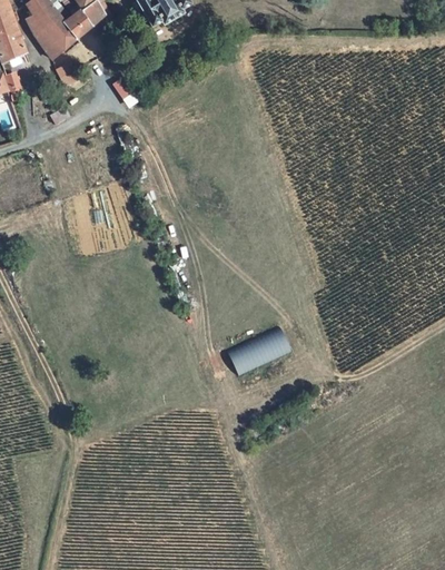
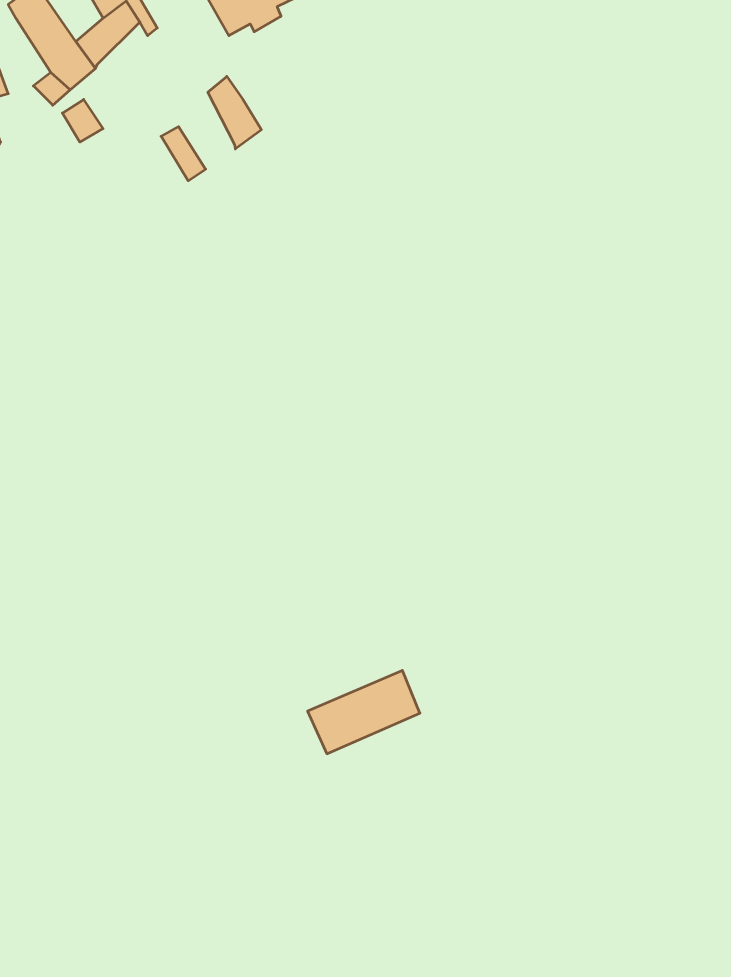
building: none -> [208,76,261,149]
building: [226,326,290,374] -> [308,670,420,754]

